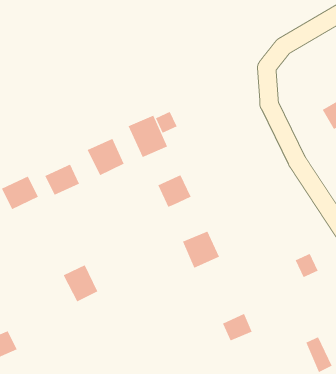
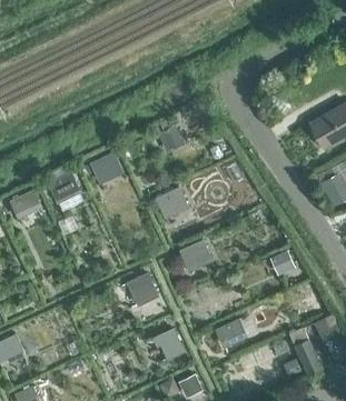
building: [128,115,168,158] -> none
building: [63,264,98,302] -> [126,270,159,305]
building: none -> [152,328,186,361]

